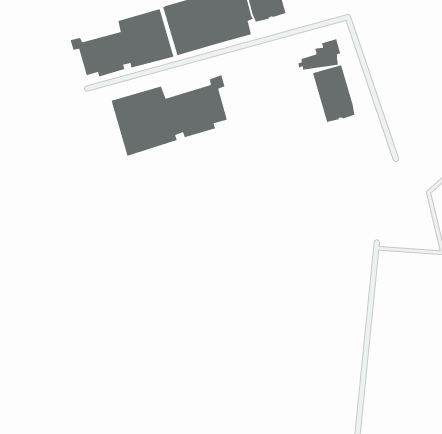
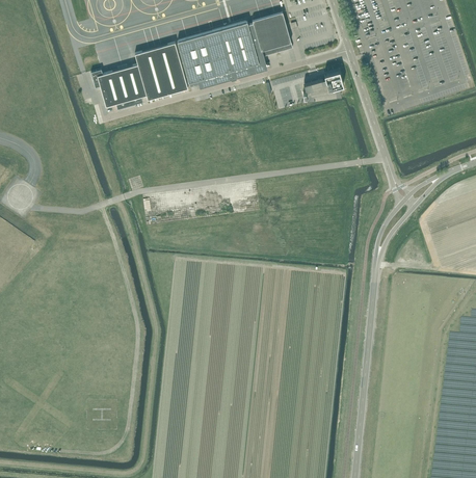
building: [312,64,355,123] -> none
building: [111,74,228,157] -> none

